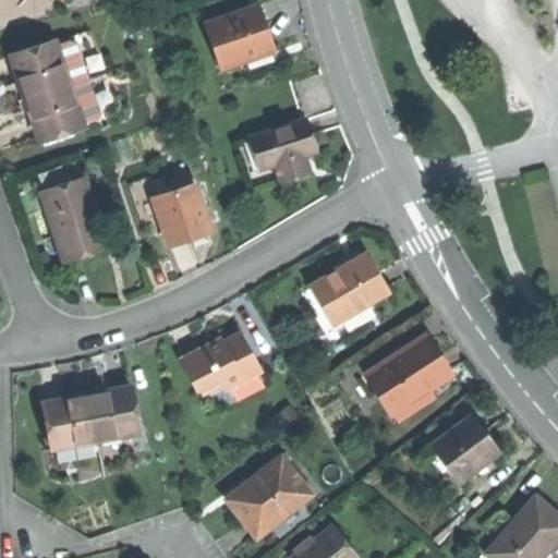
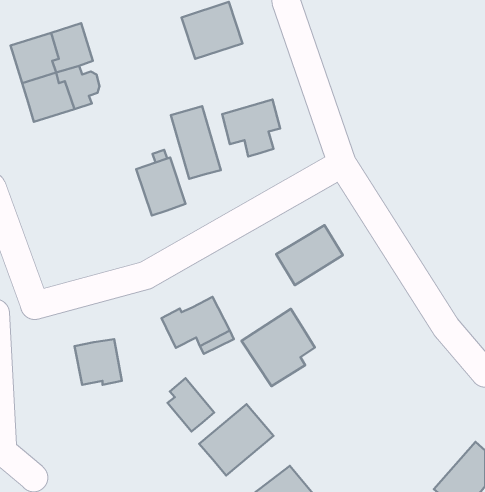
building: none -> [171,106,221,179]
building: [41,179,106,266] -> none
building: [364,333,447,421] -> [241,309,315,386]
building: [39,392,93,451] -> none
building: [433,422,495,484] -> none
building: none -> [168,378,214,432]

